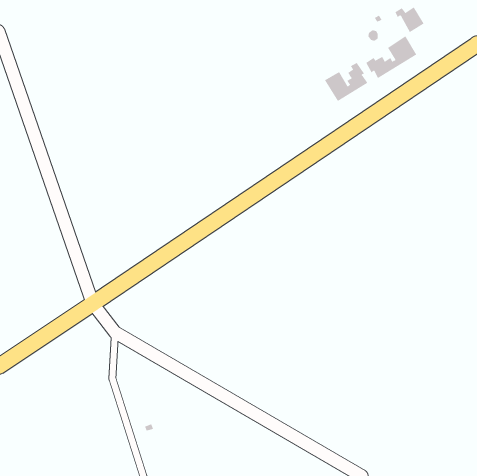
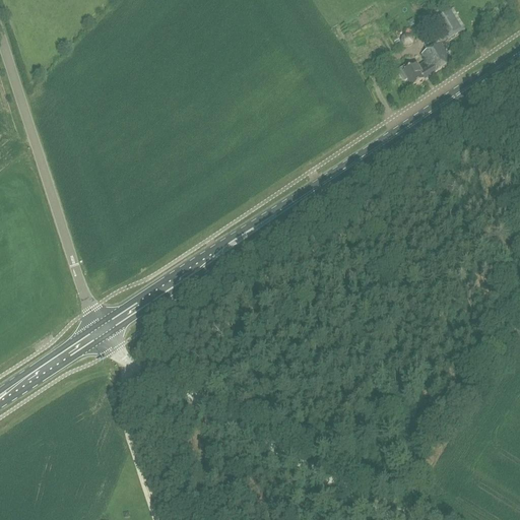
building: [324,62,368,102] -> none

